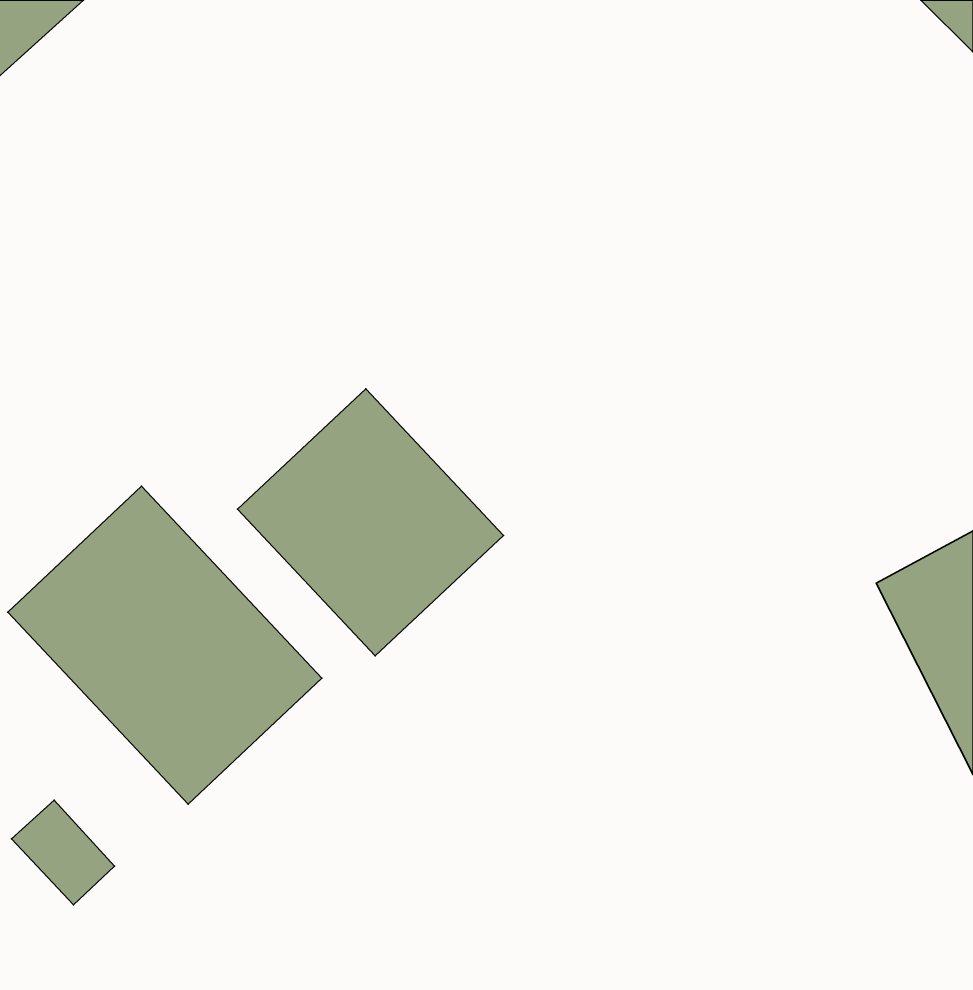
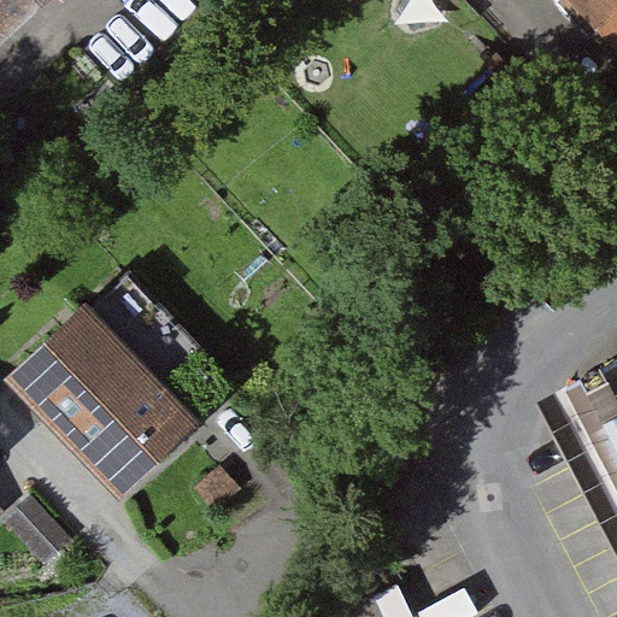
building: [237,389,504,656] -> none

